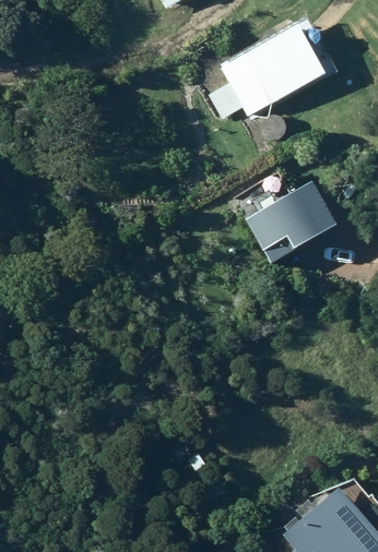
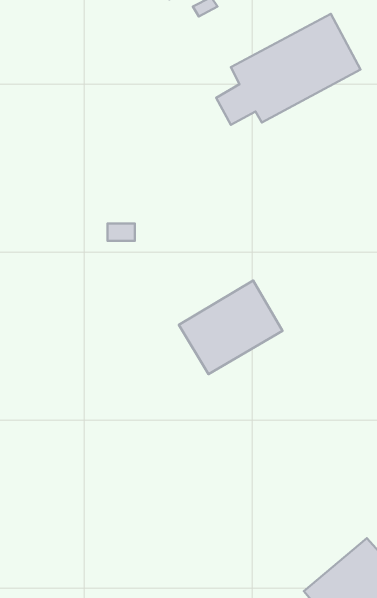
building: [245,181,336,264] -> [179,280,283,374]

